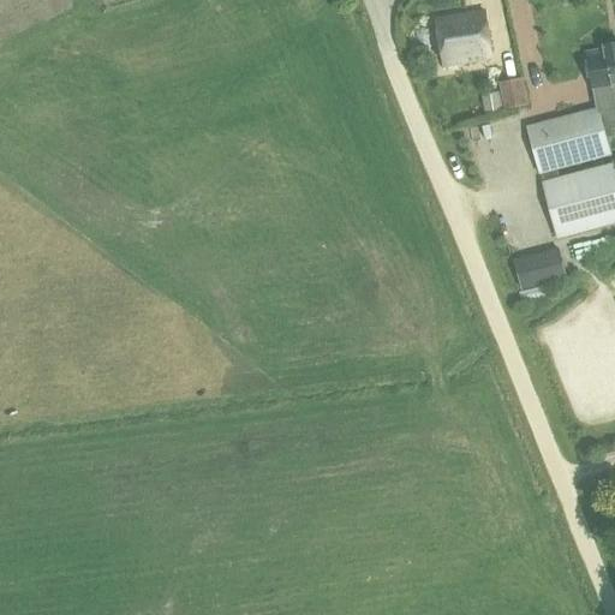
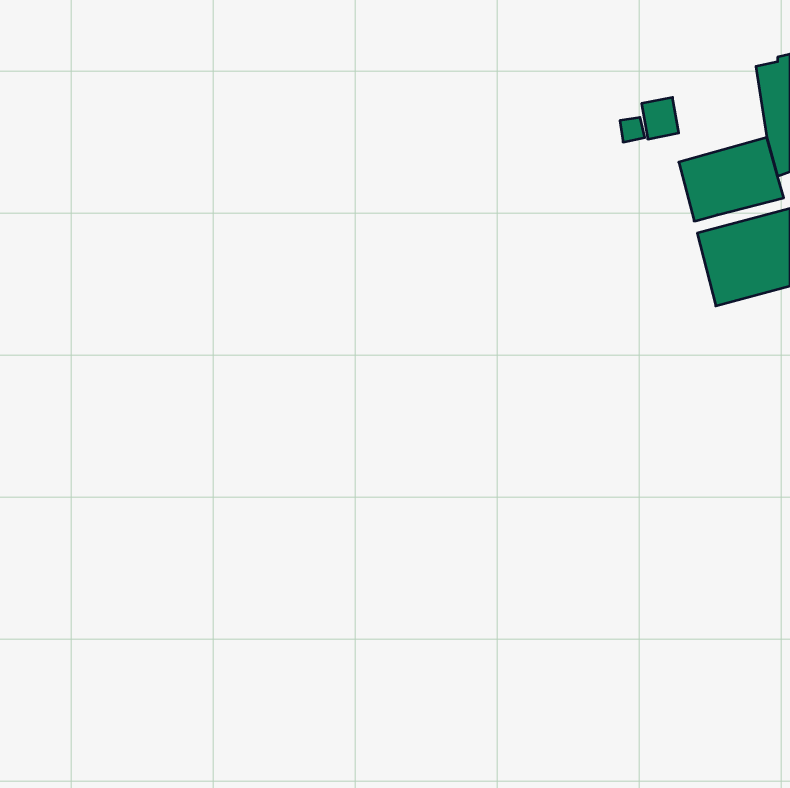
building: [437,10,491,64] -> none
building: [514,246,567,289] -> none

